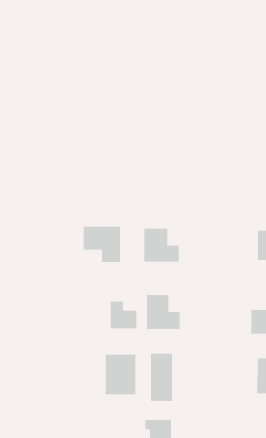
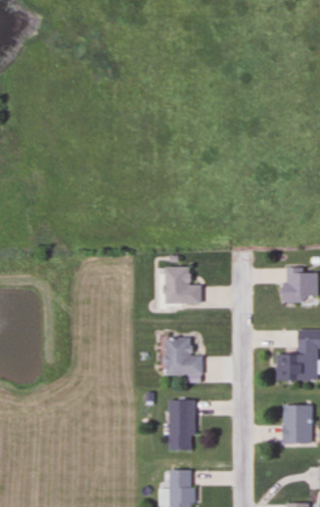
building: [83,226,120,263] -> none
building: [110,301,137,329] -> none
building: [105,354,136,395] -> none

